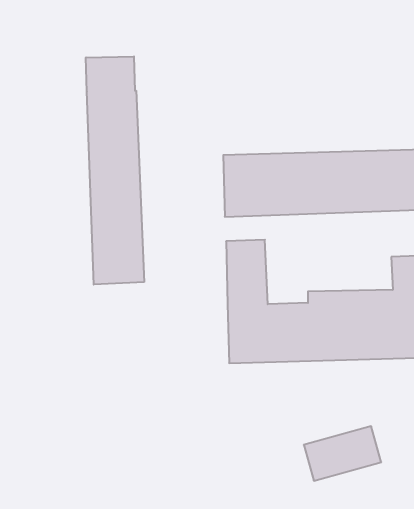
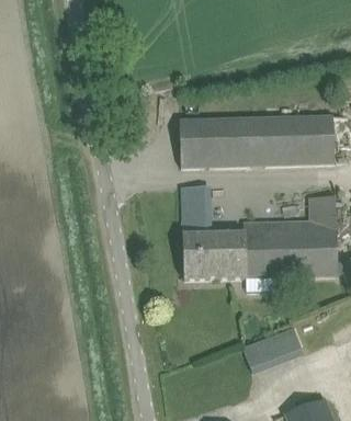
building: [86,56,144,285] -> none

